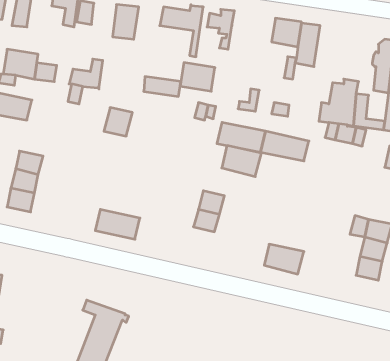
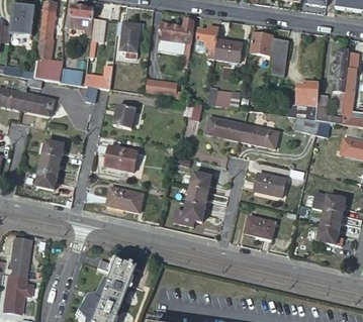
building: [180,63,215,91] -> [214,37,243,61]
building: [222,146,262,177] -> [254,171,286,196]
building: none -> [104,146,139,173]
building: none -> [172,201,203,225]

